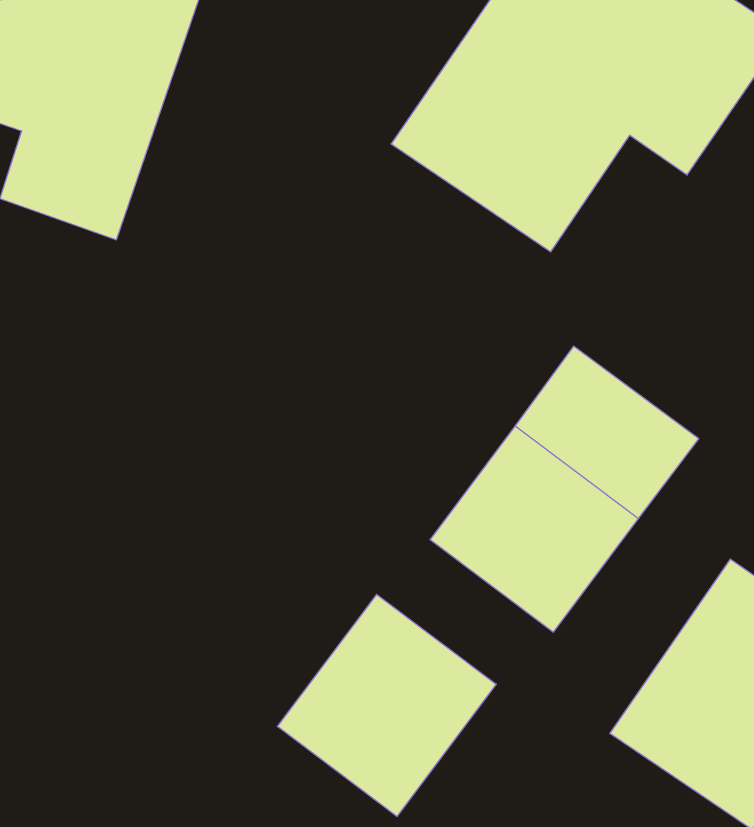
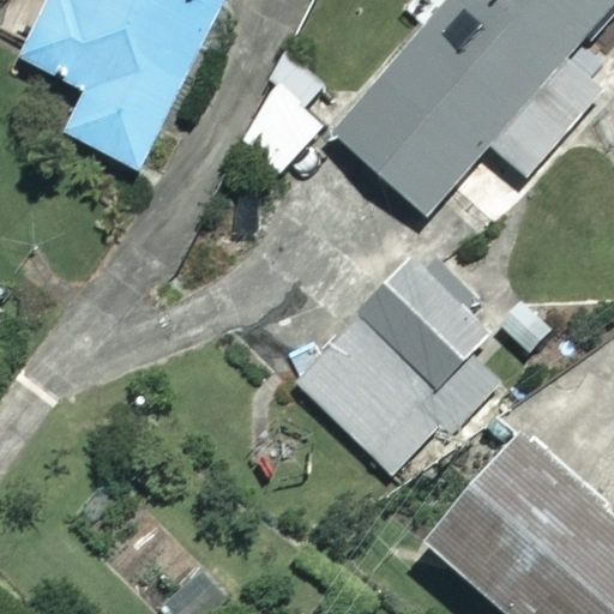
building: [277,594,496,816] -> none

